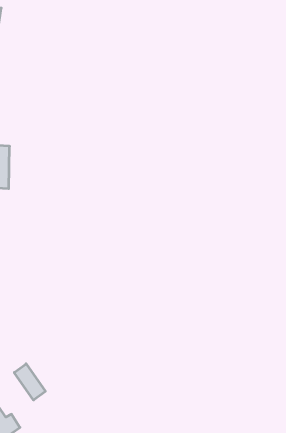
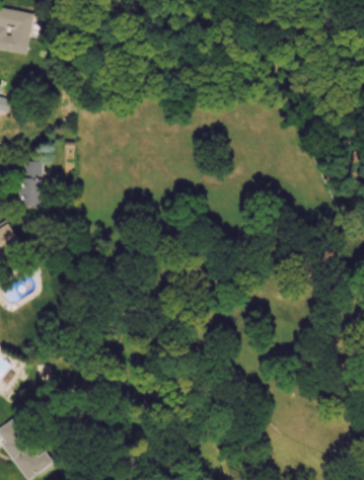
building: [14,364,45,400] -> none

